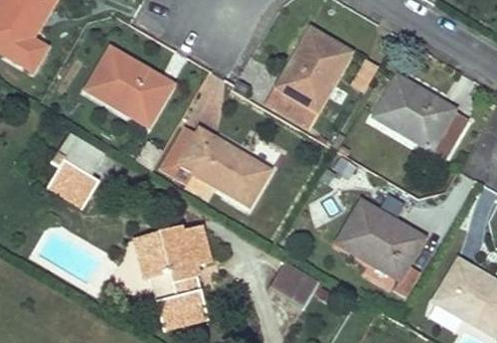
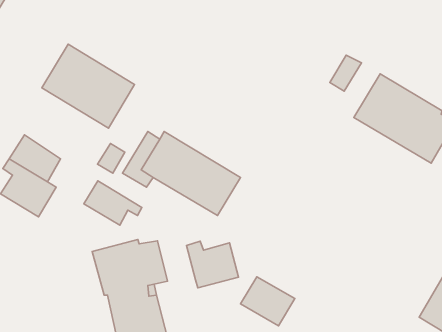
building: [267,27,352,125] -> none
building: none -> [84,181,142,225]
building: [337,200,425,296] -> none
building: none -> [186,241,238,288]

